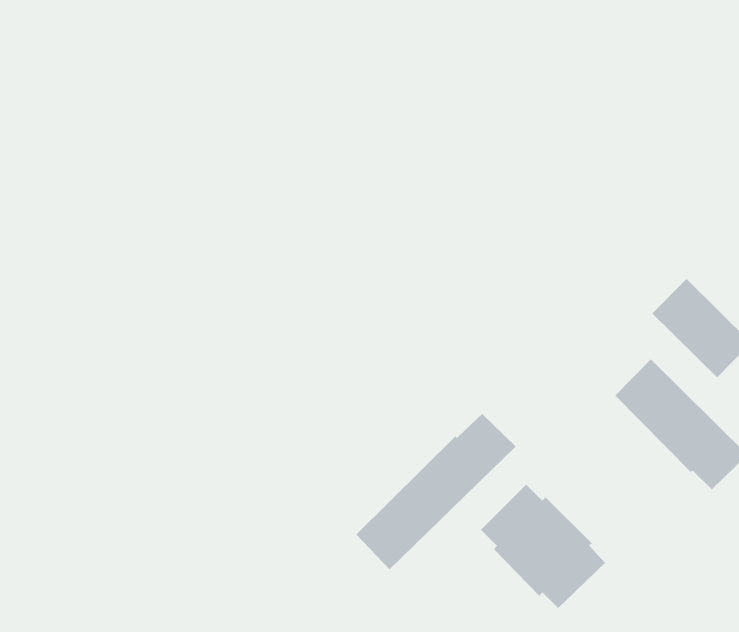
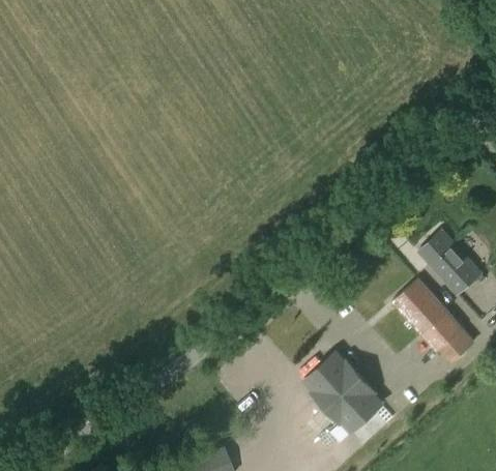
building: [356,413,517,570] -> none

